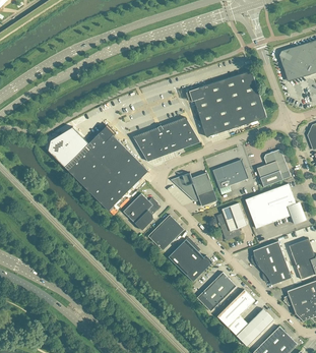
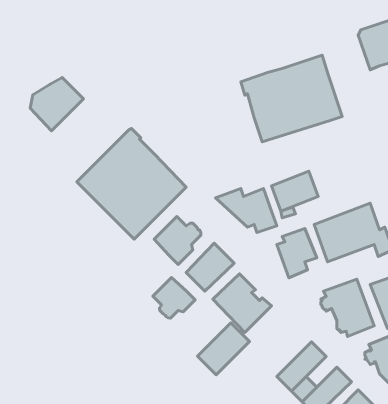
building: [133,117,199,161] -> none
building: [48,126,88,167] -> [30,78,83,131]
building: [256,150,290,186] -> none
building: none -> [153,277,195,318]
building: [196,272,236,311] -> [198,323,250,375]

